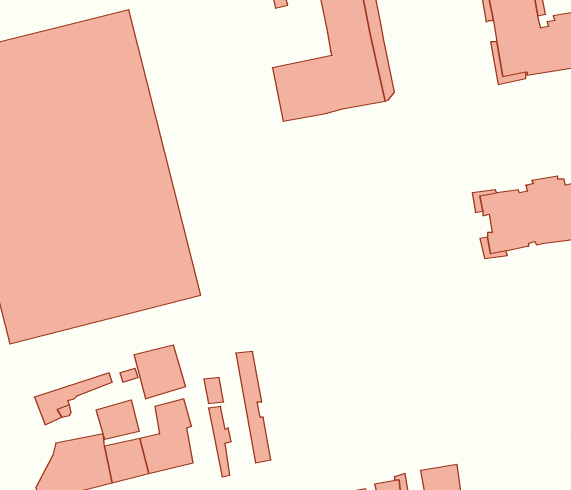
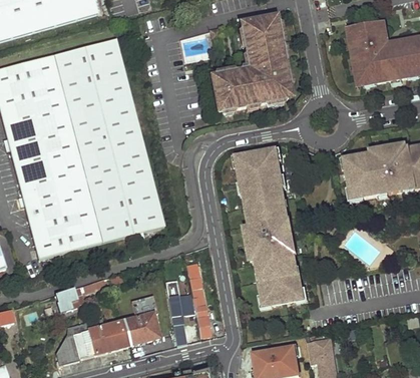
building: none -> [239,151,303,305]
building: [134,345,185,399] -> none
building: [96,400,139,440] -> none

